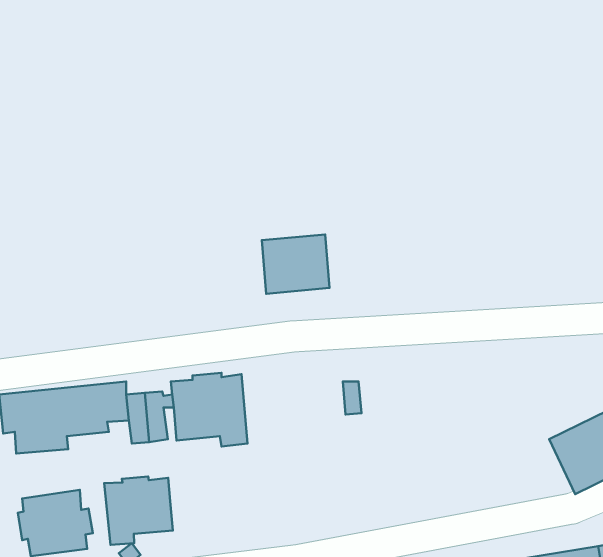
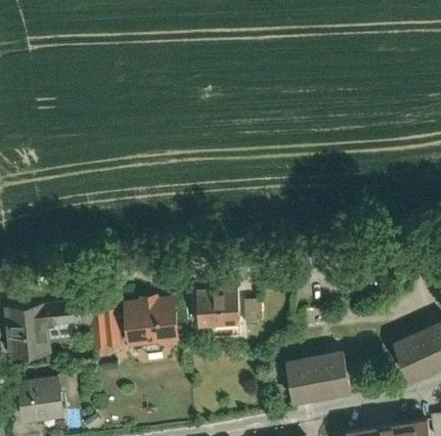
building: [262,235,330,294] -> [192,281,240,323]
building: none -> [284,343,350,398]
building: [104,476,173,545] -> none

